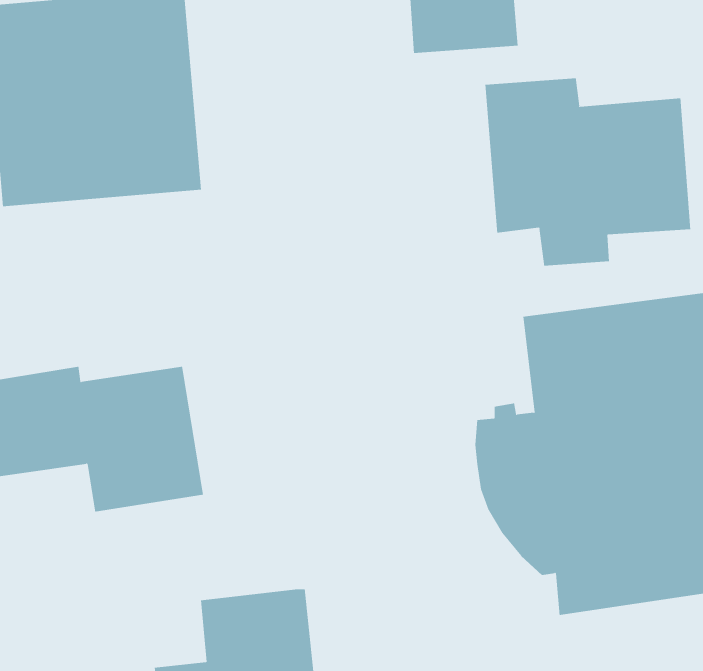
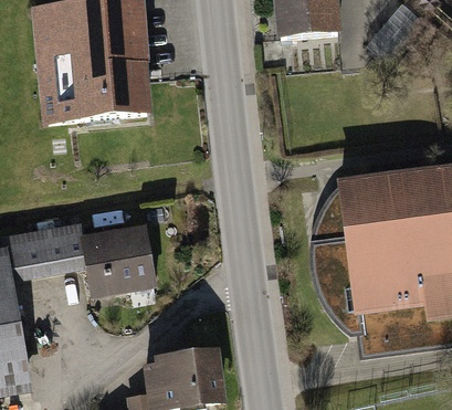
building: [485,78,691,266] -> none

